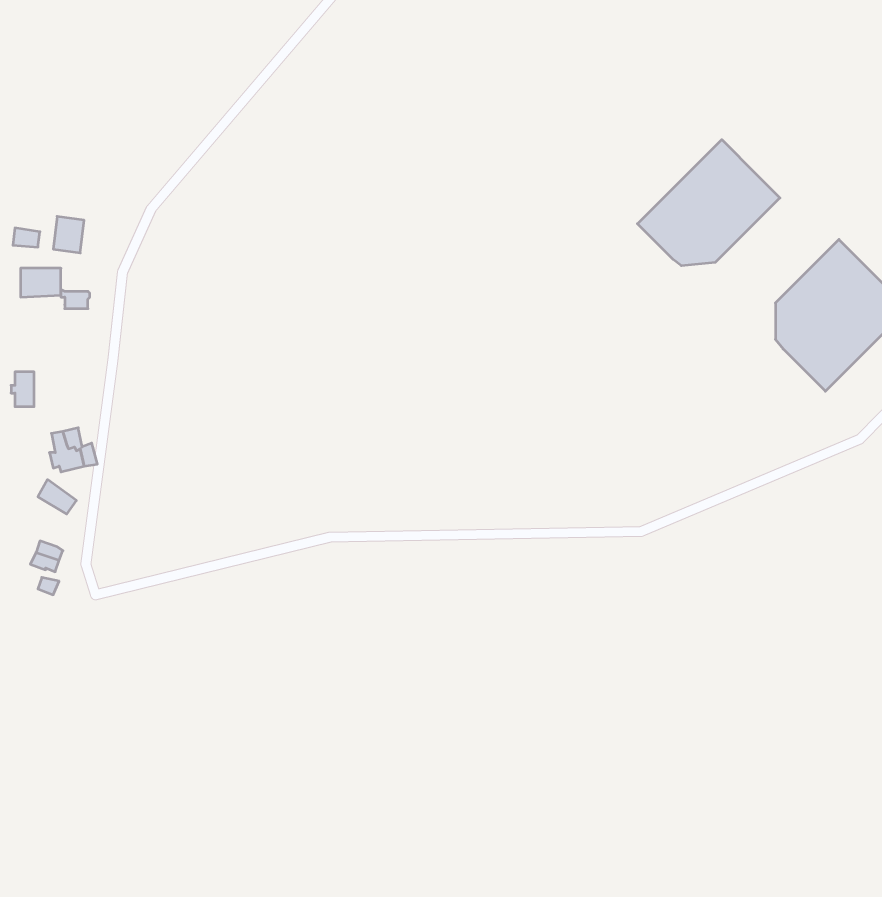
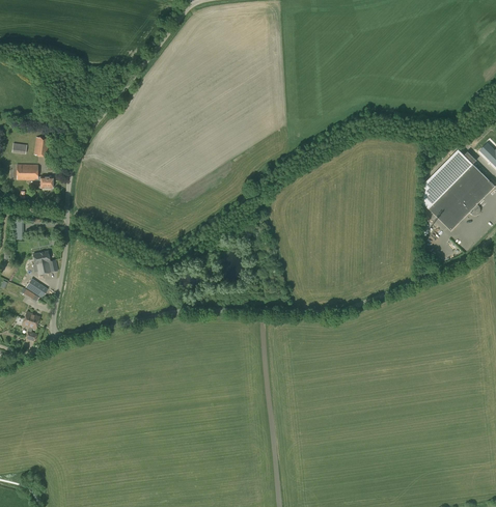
building: [637,140,780,266] -> none

